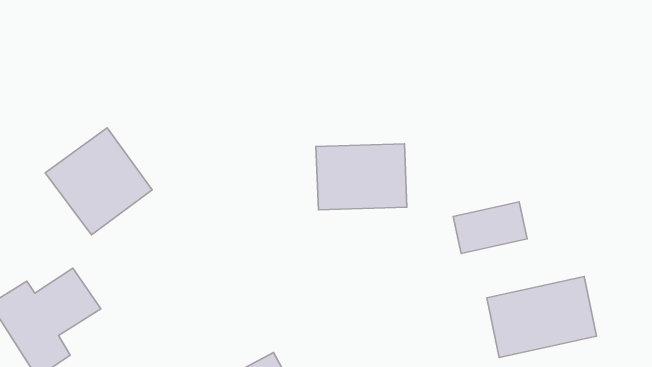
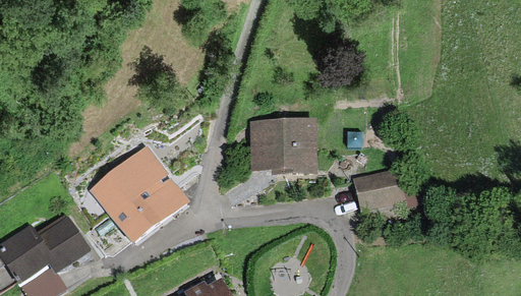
building: [45,128,152,235] -> [96,154,178,236]
building: [487,276,596,357] -> none

